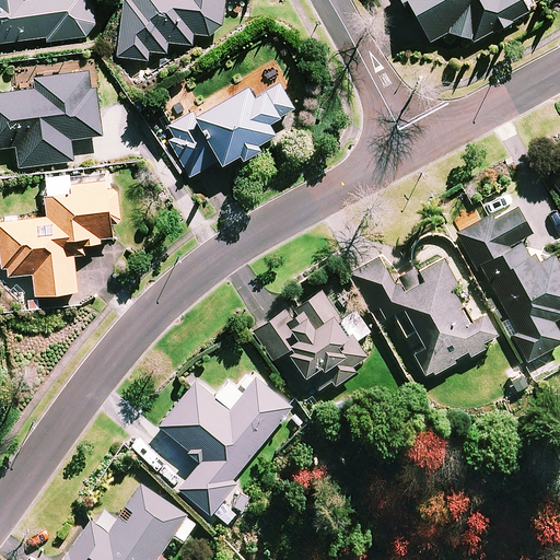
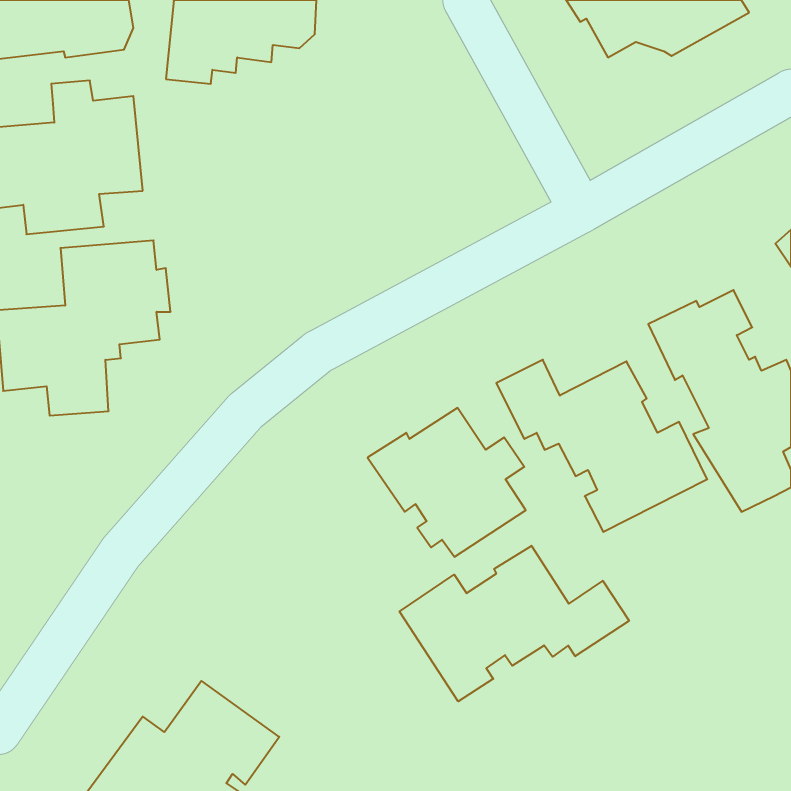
building: [162,82,294,177] -> none
building: [159,375,292,520] -> none
building: none -> [400,546,629,701]

